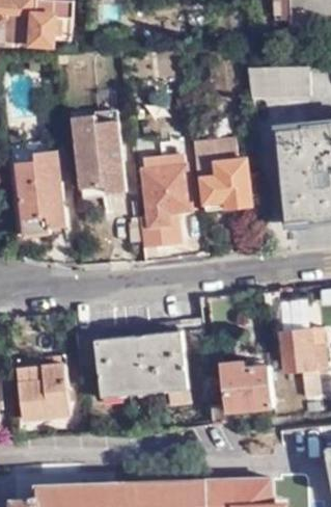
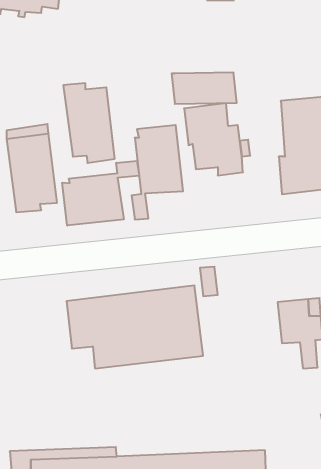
building: [248,66,312,98] -> [172,73,237,104]
building: none -> [62,161,139,226]
building: [212,353,275,425] -> none
building: [17,364,68,420] -> none

